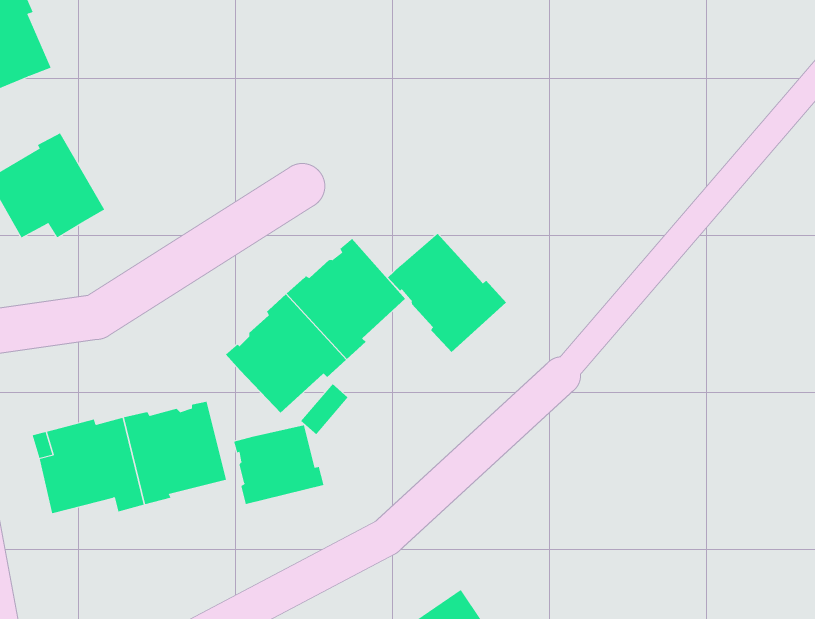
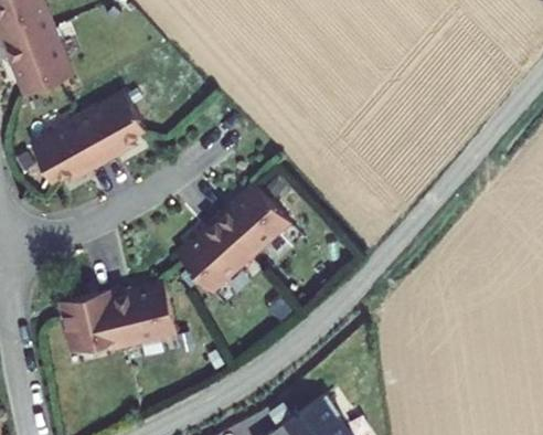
building: none -> [76,91,145,163]
building: [387,233,507,353] -> none
building: [233,424,324,505] -> none

